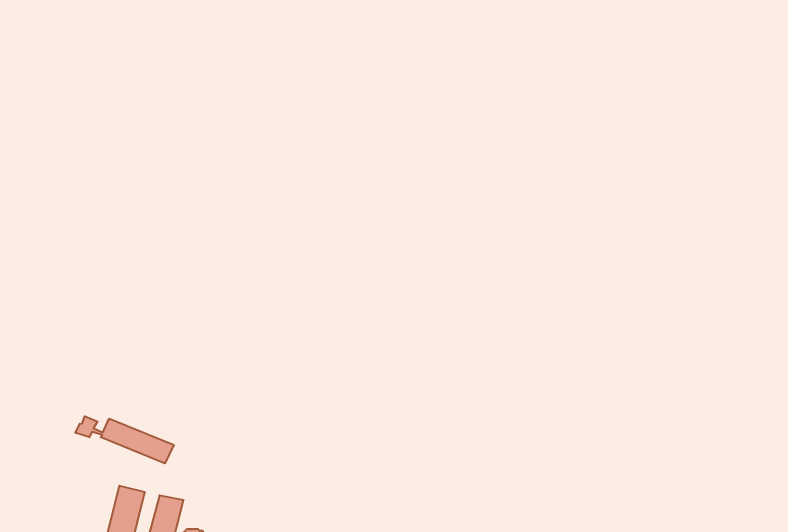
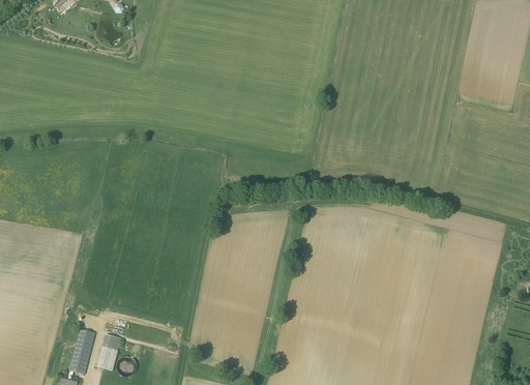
building: [75,416,174,463] -> none

